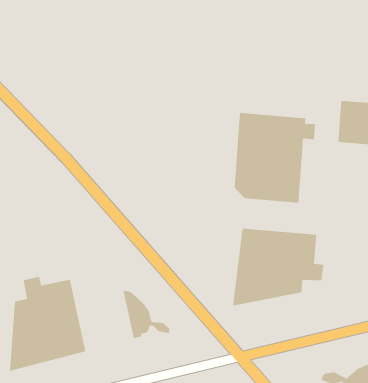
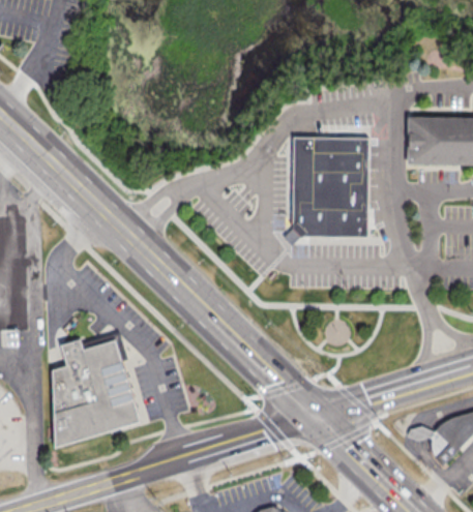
building: [233,228,324,307] -> none
building: [123,290,170,339] -> none

